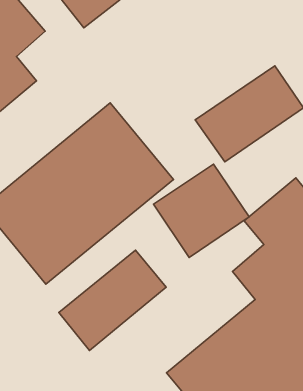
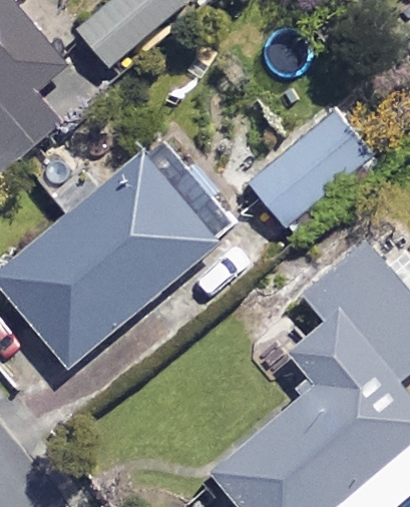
building: [154,164,249,258] -> none
building: [59,250,166,350] -> none

